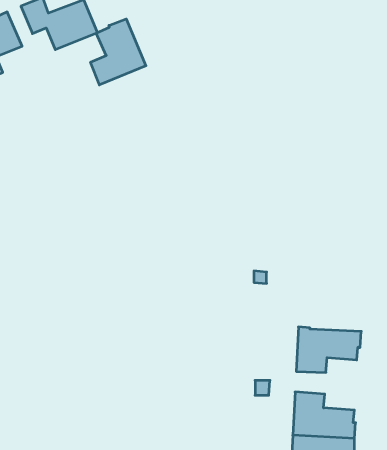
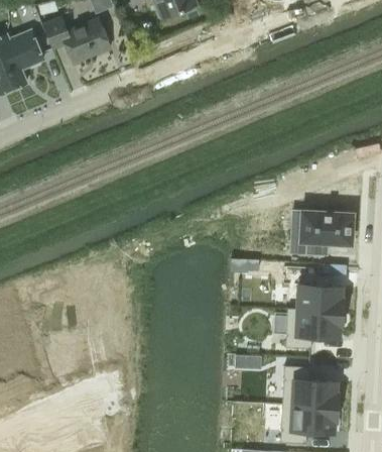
building: [91,19,146,85] -> none
building: none -> [290,211,353,255]
building: none -> [297,286,343,313]

